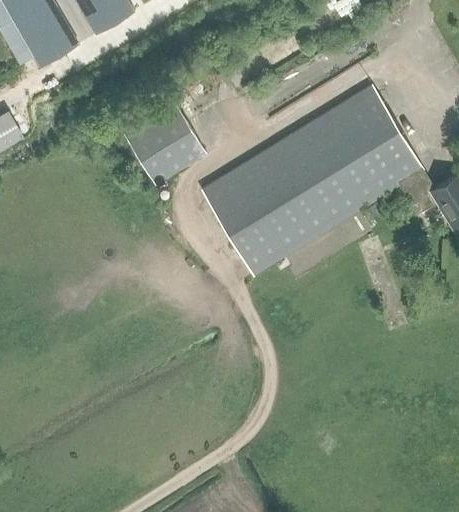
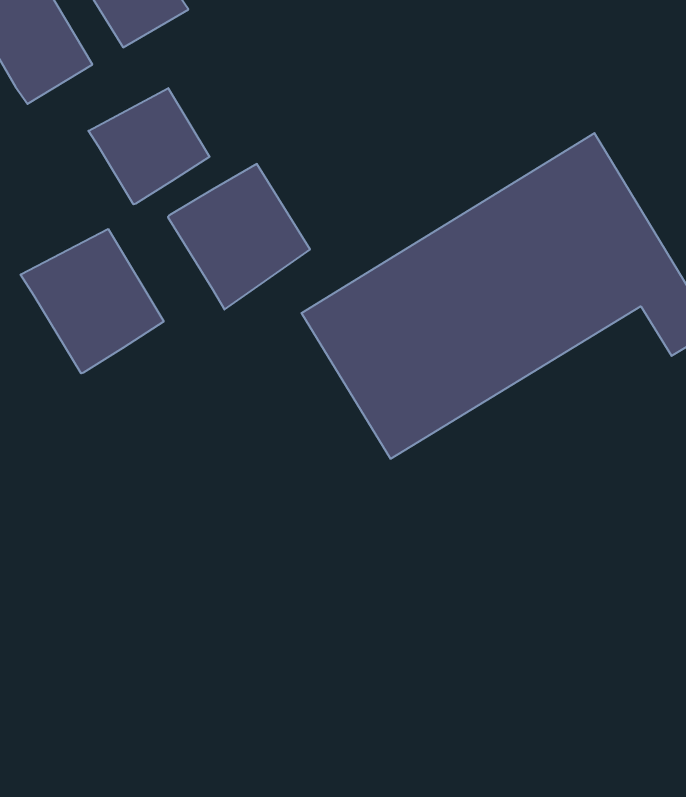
building: none -> [88,88,210,204]
building: none -> [21,229,164,373]

